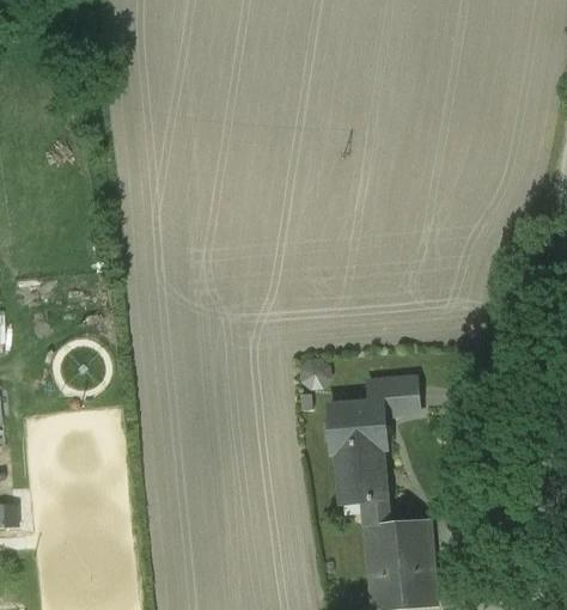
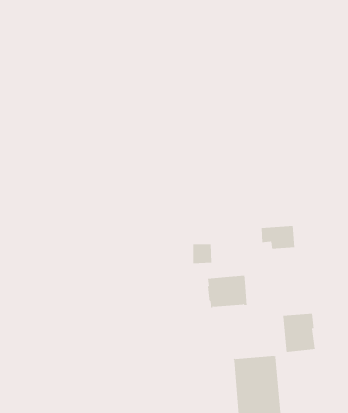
building: [368,378,419,413] -> [261,225,295,249]
building: [336,445,385,502] -> [283,313,316,353]

